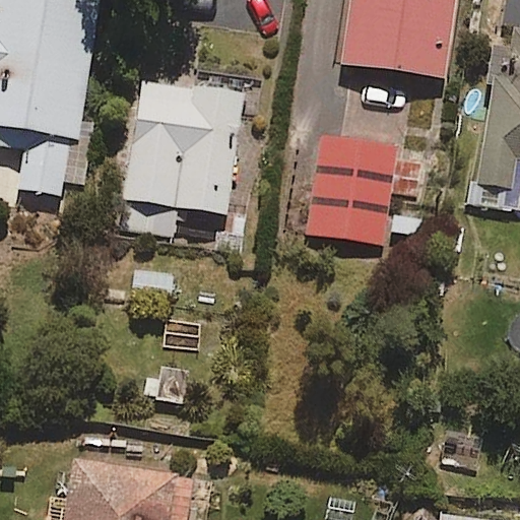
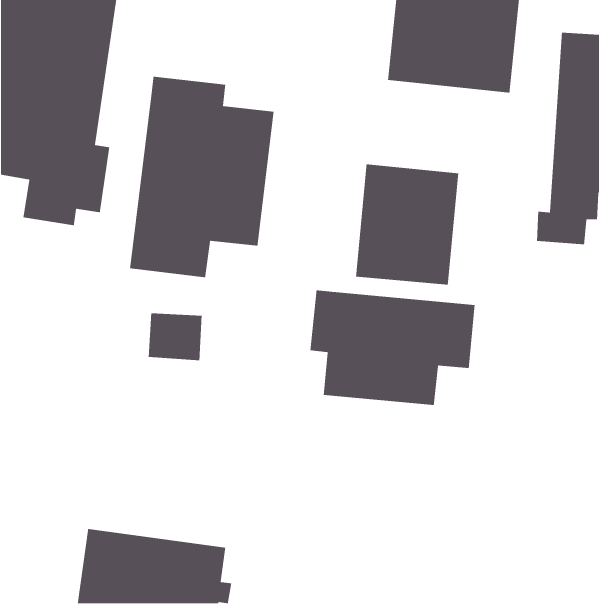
building: none -> [309,289,475,406]

